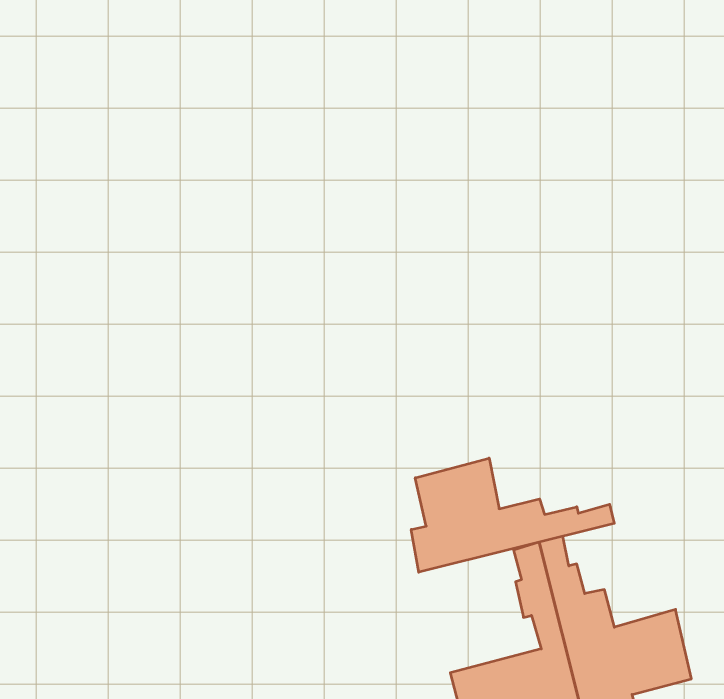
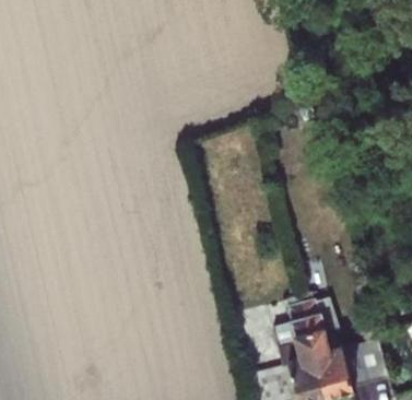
building: [411,458,614,572] -> none

